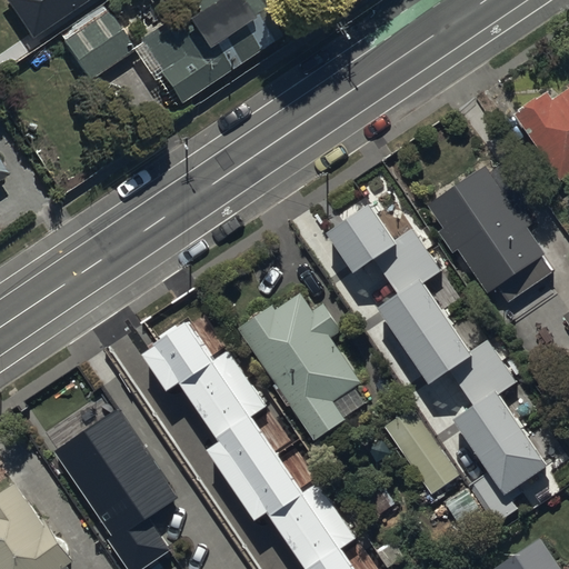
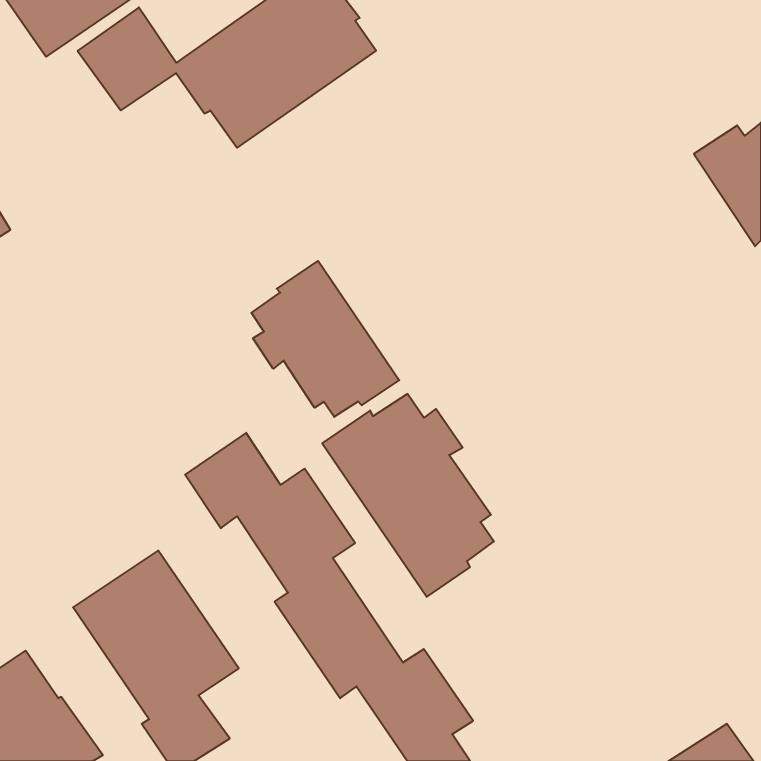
building: [427,168,556,305] -> none
building: none -> [251,261,399,417]
building: [323,202,543,490] -> none
building: [383,406,460,493] -> none

